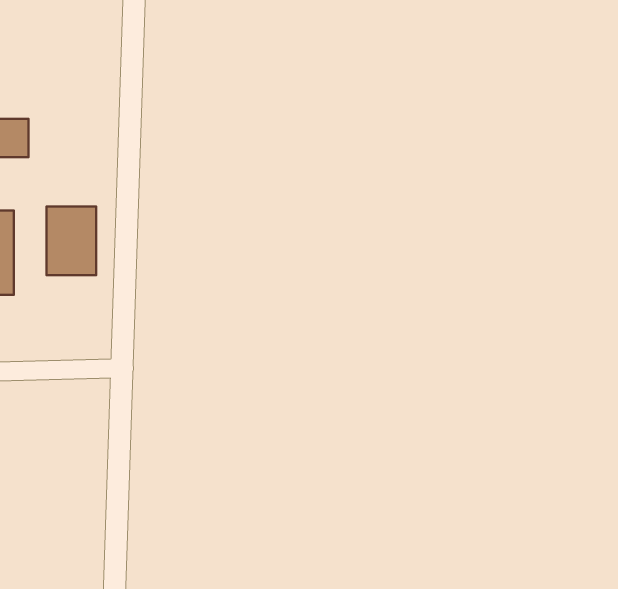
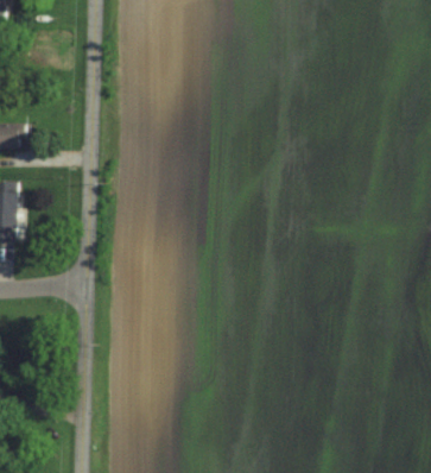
building: [46,207,96,275] -> none

